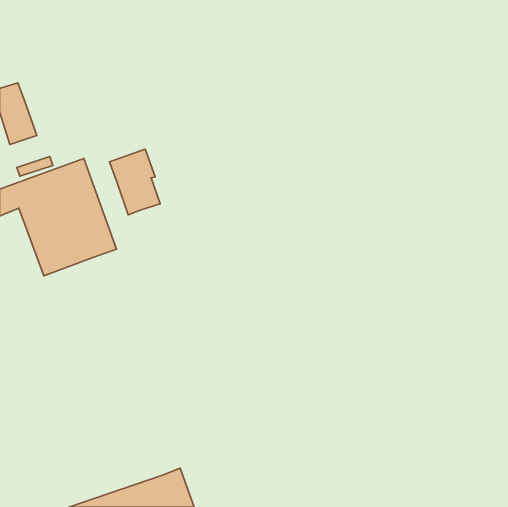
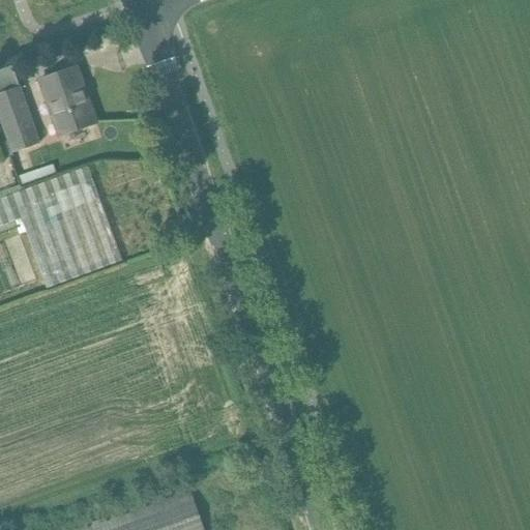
building: [109,149,160,215] -> [38,65,91,134]

